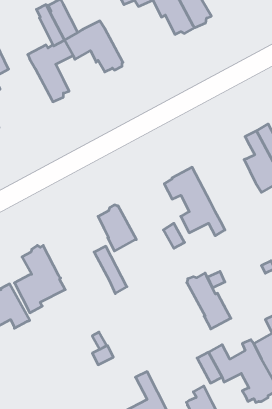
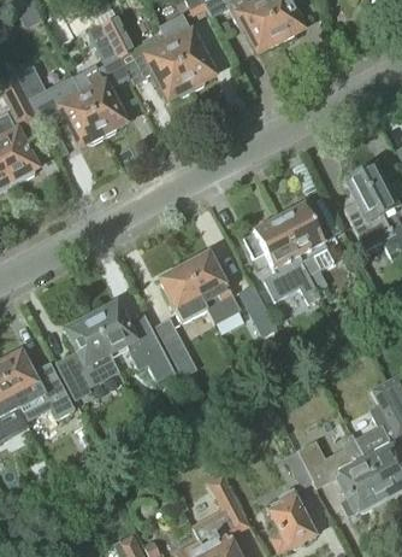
building: none -> [159,16,213,88]
building: none -> [52,83,104,146]
building: none -> [278,201,333,289]
building: none -> [91,303,173,381]
building: [187,273,231,329] -> [185,254,241,324]

